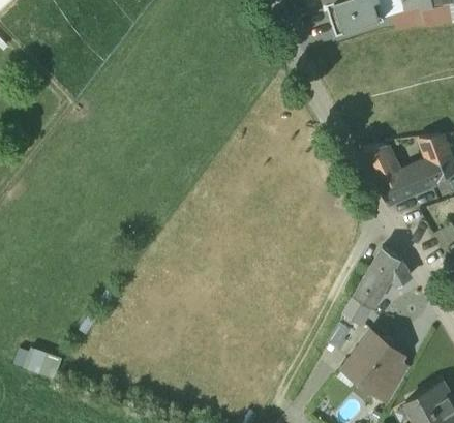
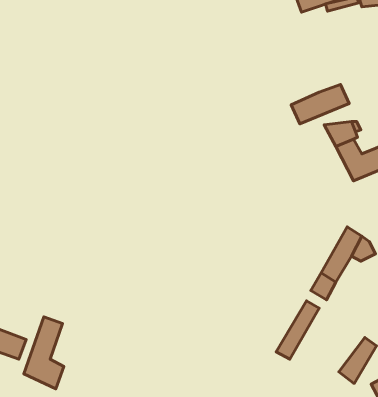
building: none -> [291,84,349,124]
building: [351,332,401,392] -> none
building: none -> [24,317,64,389]

